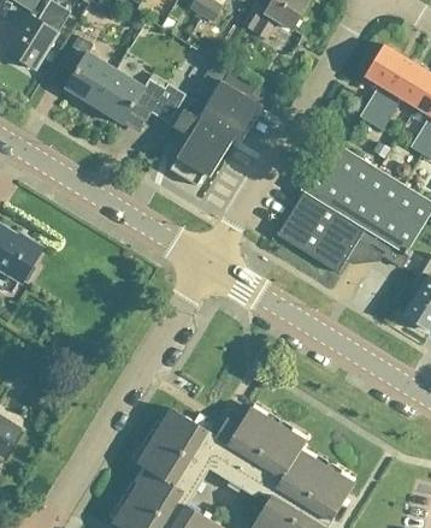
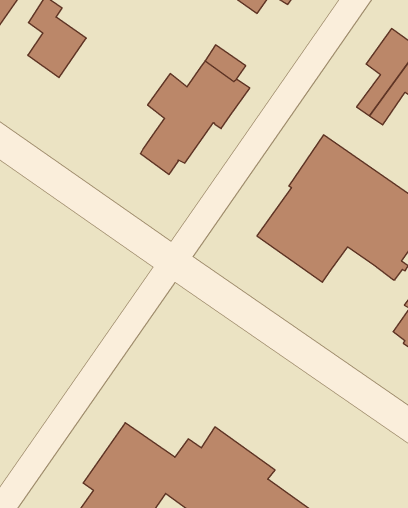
building: [94,70,185,123] -> none

